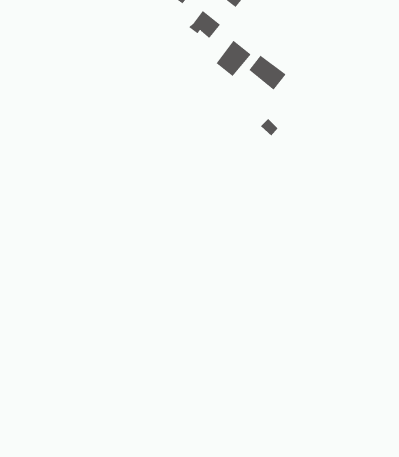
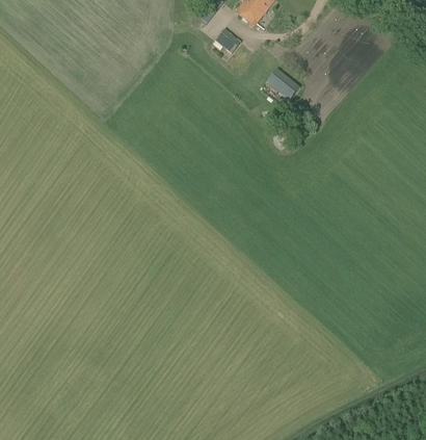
building: [216,40,252,77] -> none

